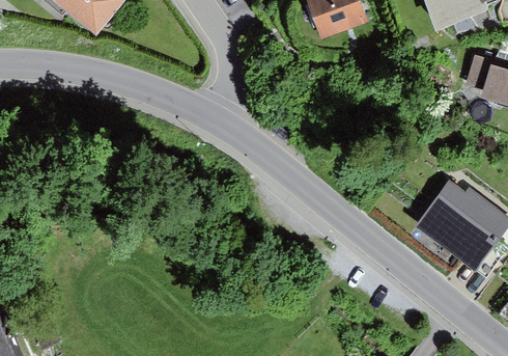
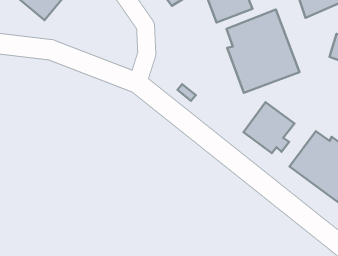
building: none -> [226,10,299,93]
building: none -> [243,102,294,153]

